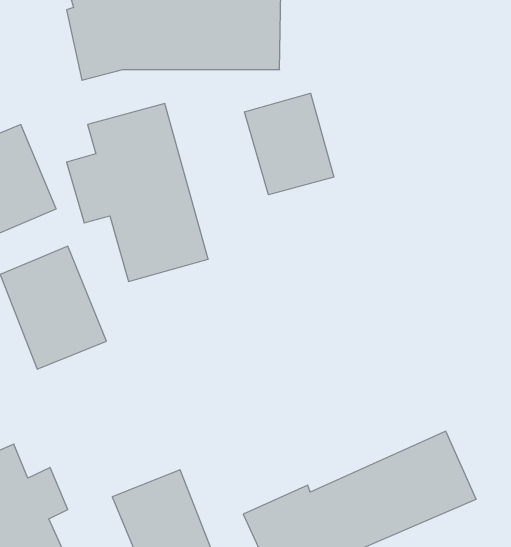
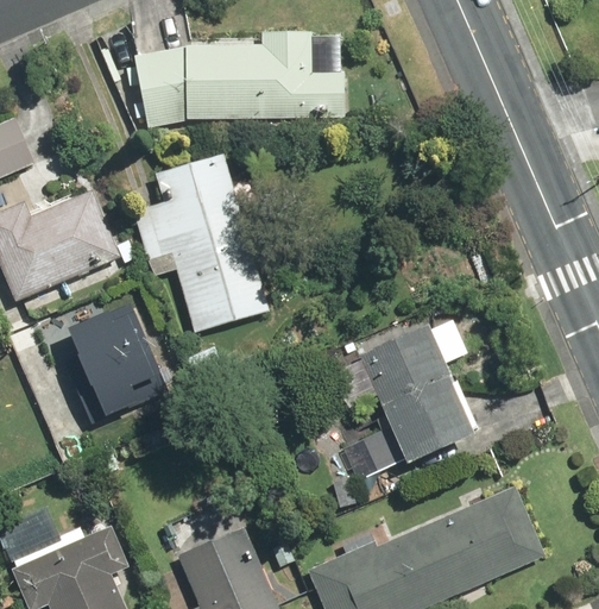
building: [245,93,334,195] -> none
building: none -> [321,324,469,482]

